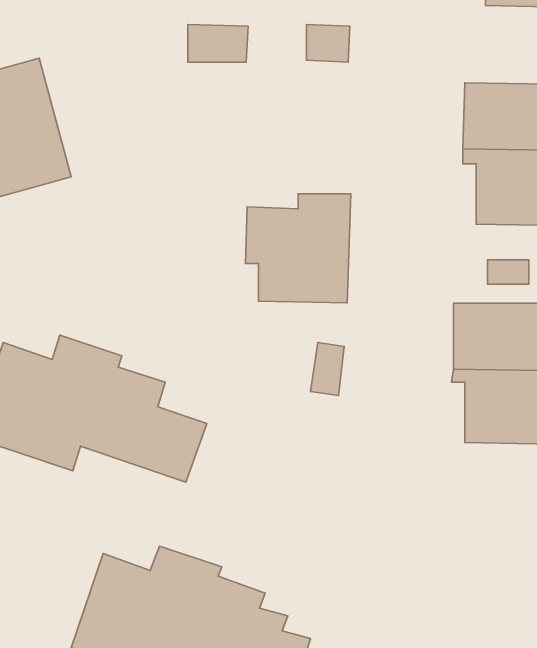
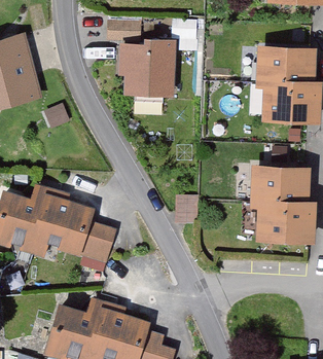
building: [245,194,351,303] -> [118,39,176,99]

